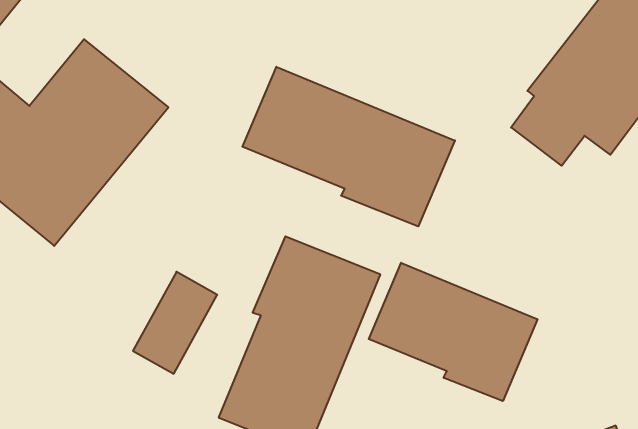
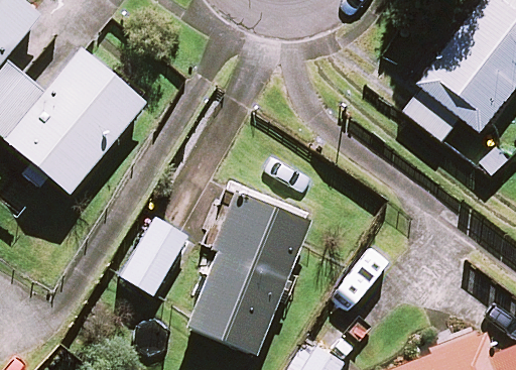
building: [242,67,455,226] -> none
building: [369,263,537,401] -> none

